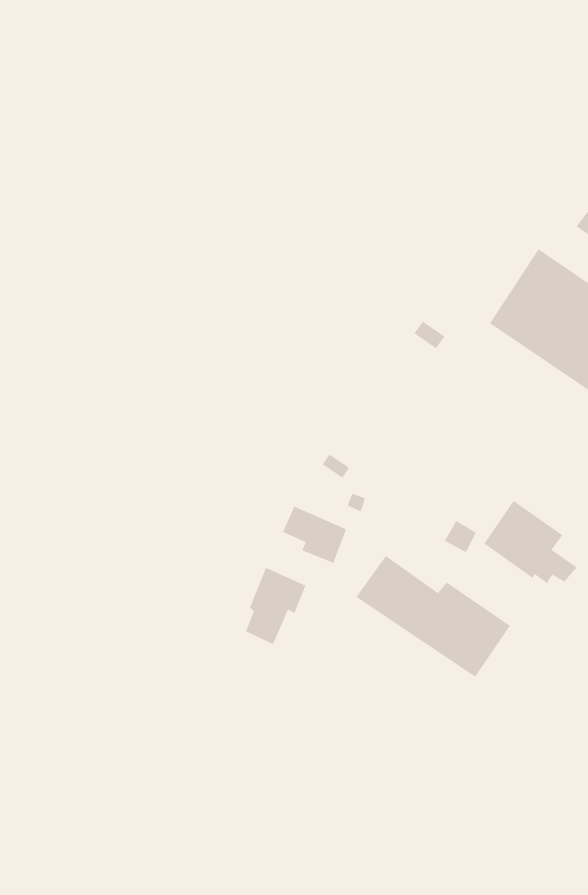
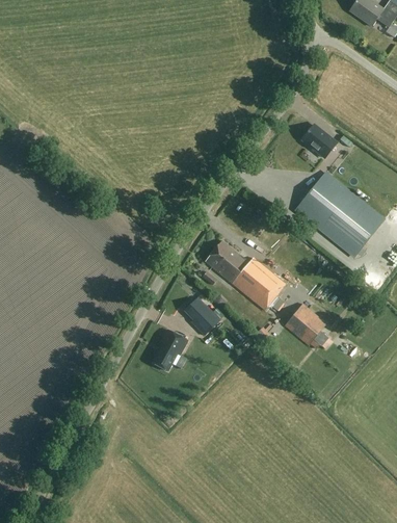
building: none -> [300,124,337,159]
building: [355,555,511,678] -> [204,239,285,308]

